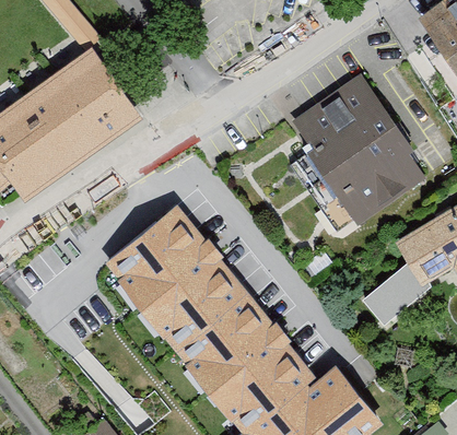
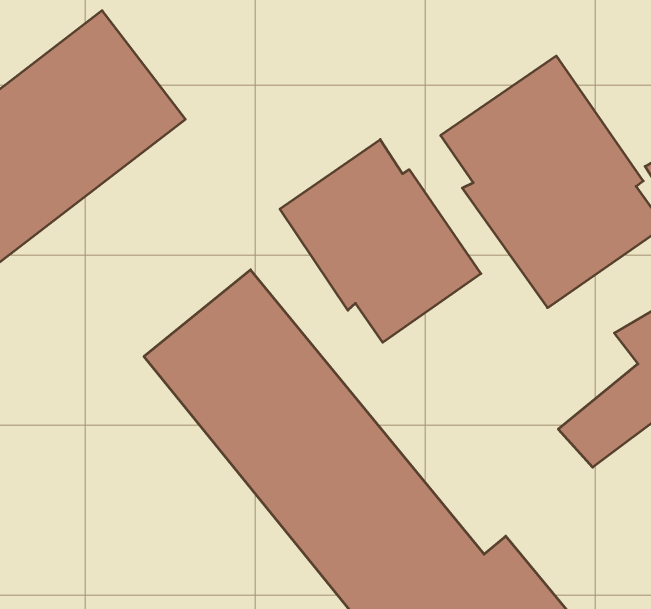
building: none -> [280,139,481,342]

